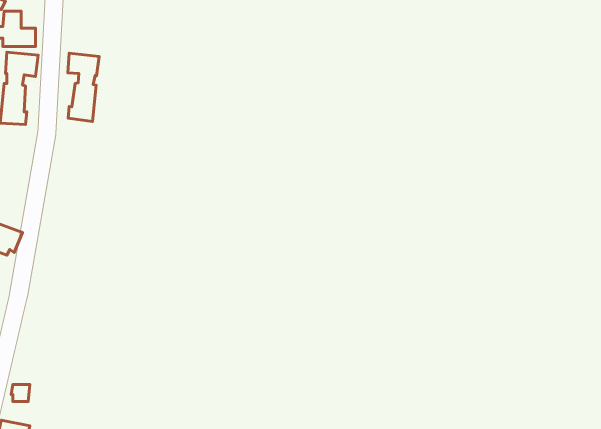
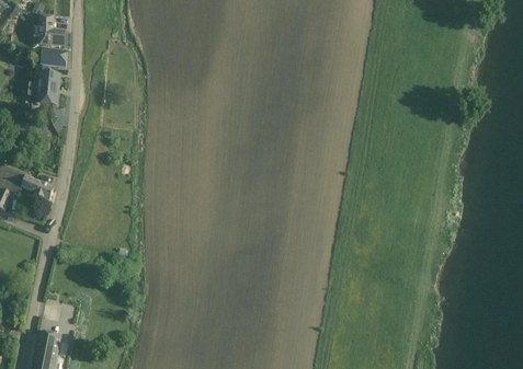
building: [68,53,99,122] -> none

